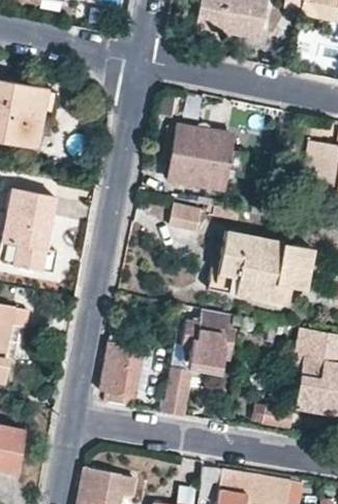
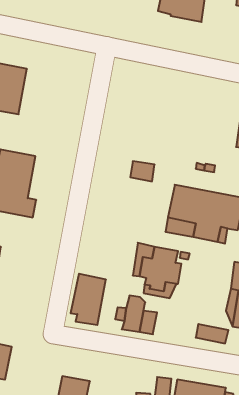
building: [165,125,233,189] -> none

